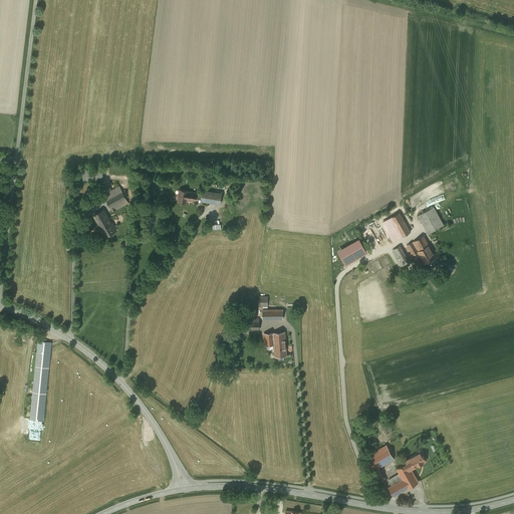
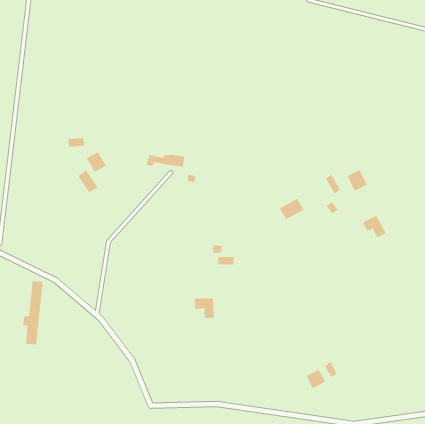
building: [407,235,436,263] -> [362,215,386,238]
building: [262,332,287,357] -> [194,298,215,319]
building: [390,452,427,497] -> none

